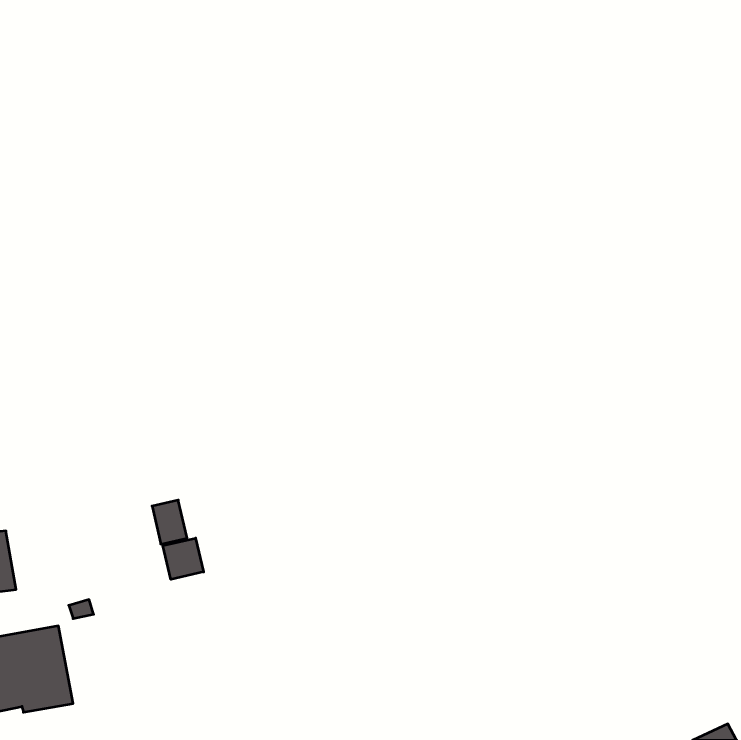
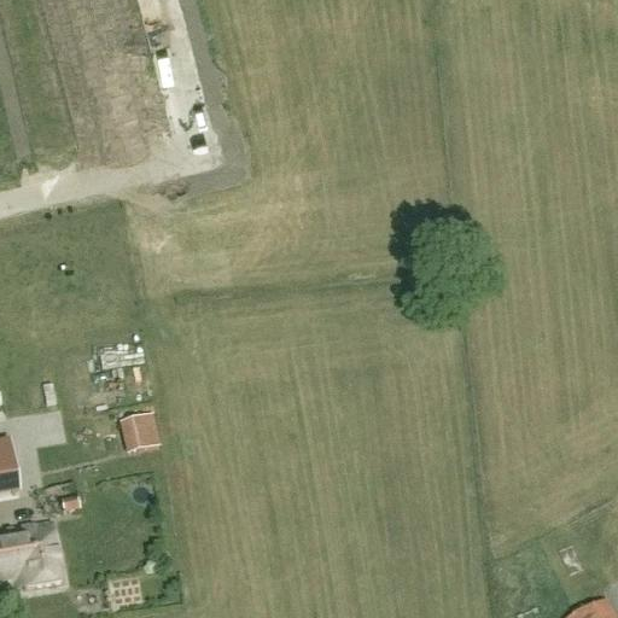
building: [163,538,204,579] -> none

